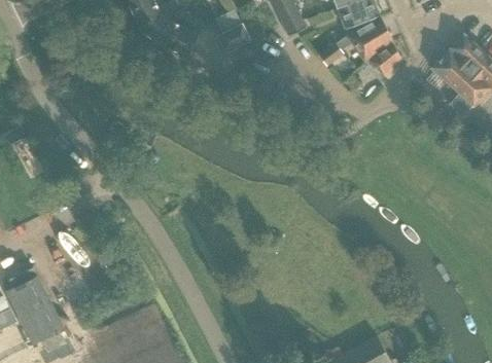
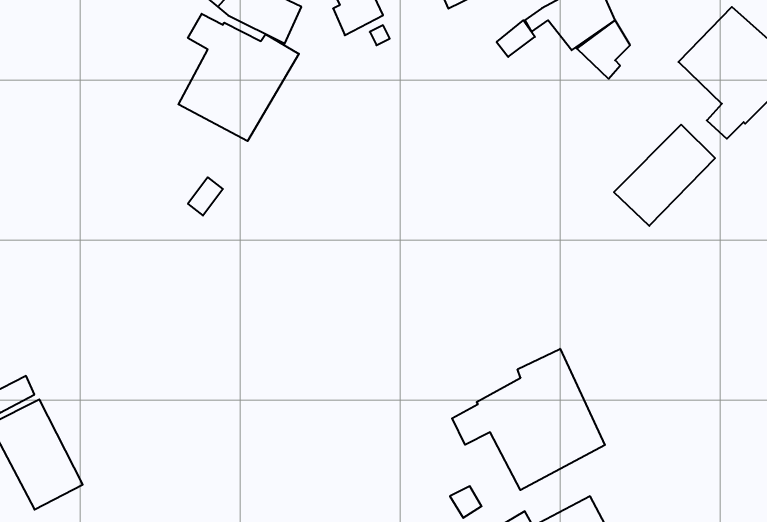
building: none -> [178,14,299,141]
building: none -> [614,125,715,226]
building: none -> [452,349,605,490]

